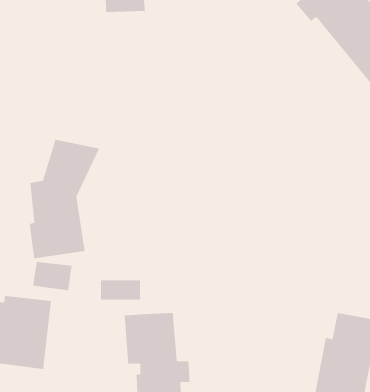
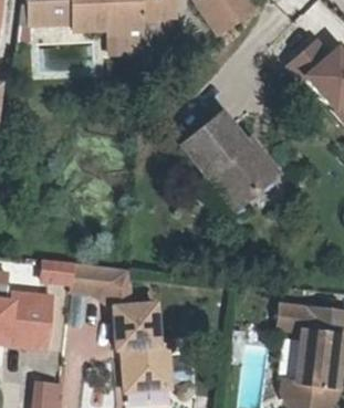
building: none -> [184,114,279,208]
building: [29,139,100,259] -> none

